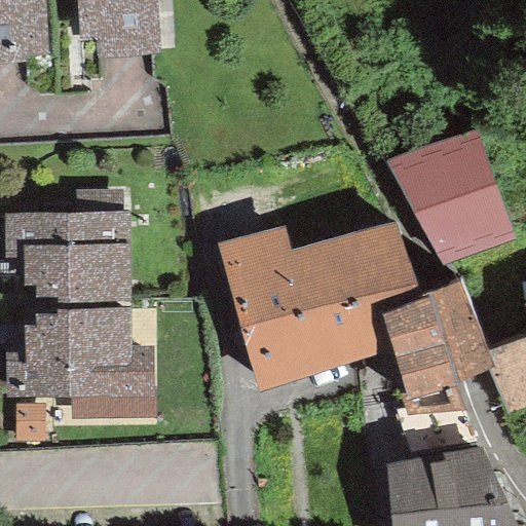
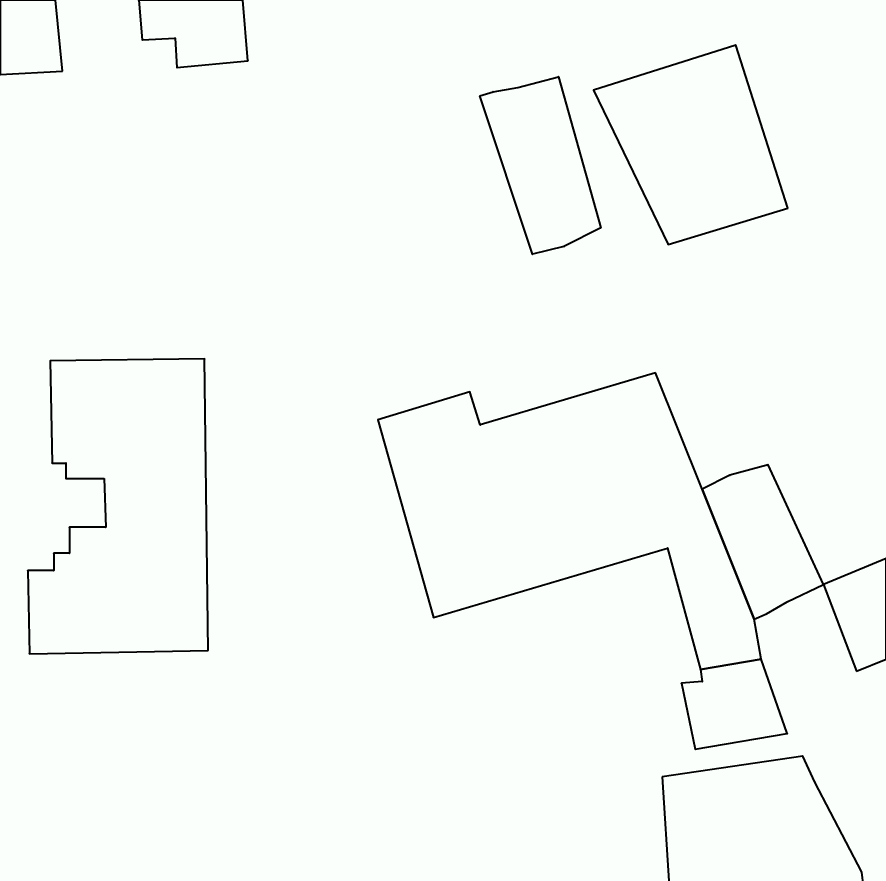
building: none -> [480,77,601,254]
building: [392,135,508,253] -> [594,45,788,244]

